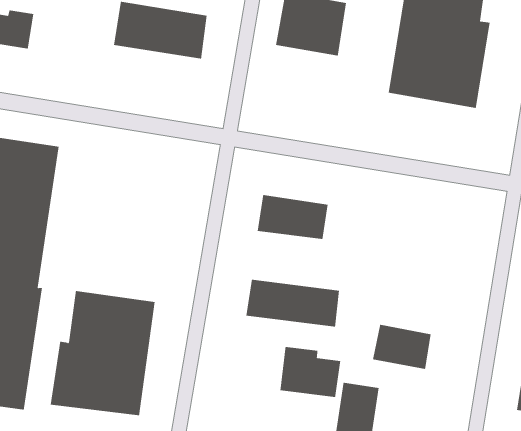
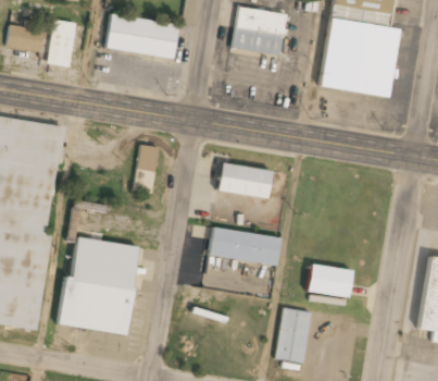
building: none -> [49,19,76,65]
building: none -> [135,145,159,193]
building: [280,346,341,398] -> none

